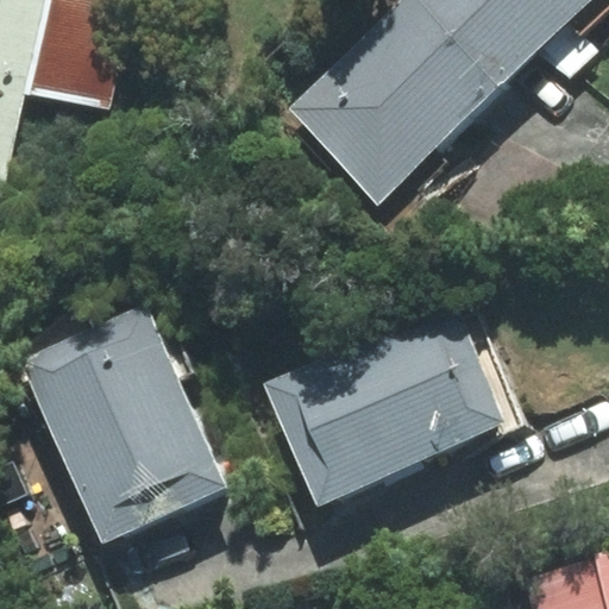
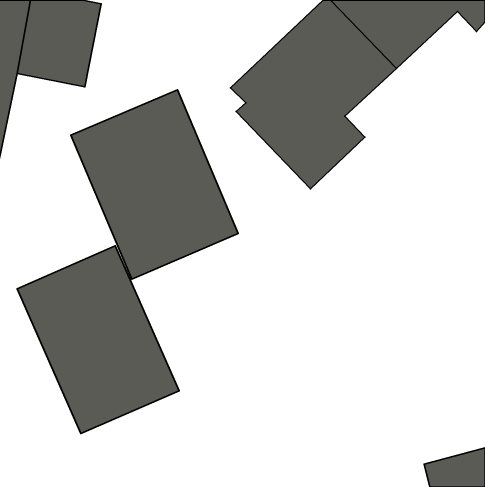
building: none -> [71,90,238,279]
building: [268,301,519,502] -> none

